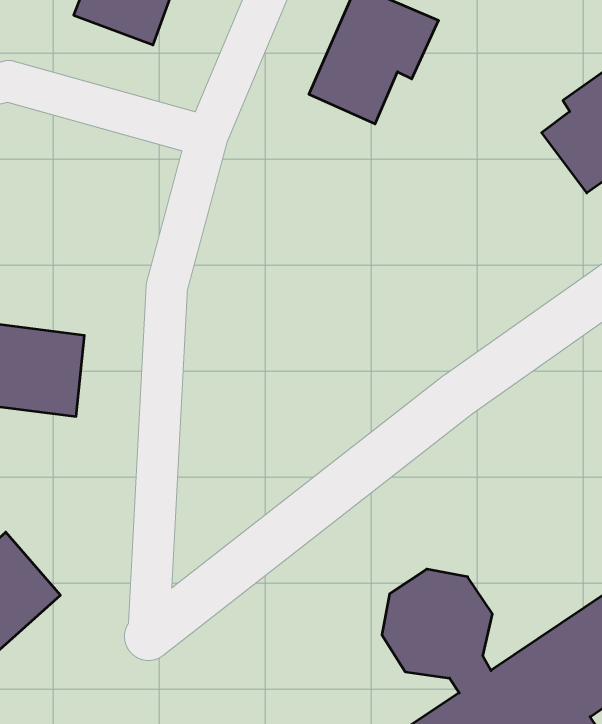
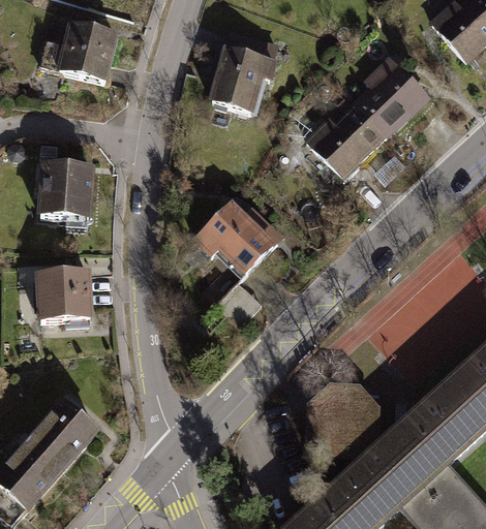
building: none -> [305,104,389,179]
building: none -> [39,162,96,219]
building: none -> [191,199,276,316]

